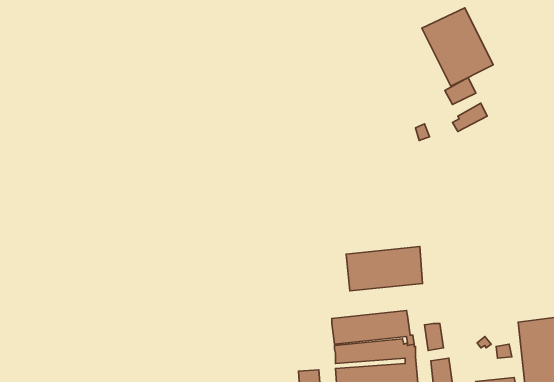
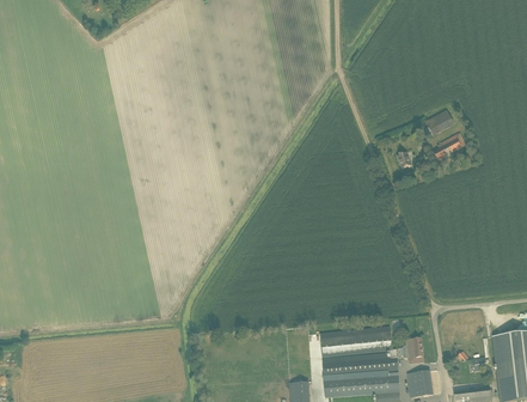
building: [422,8,493,86] -> none
building: [346,246,423,291] -> none

